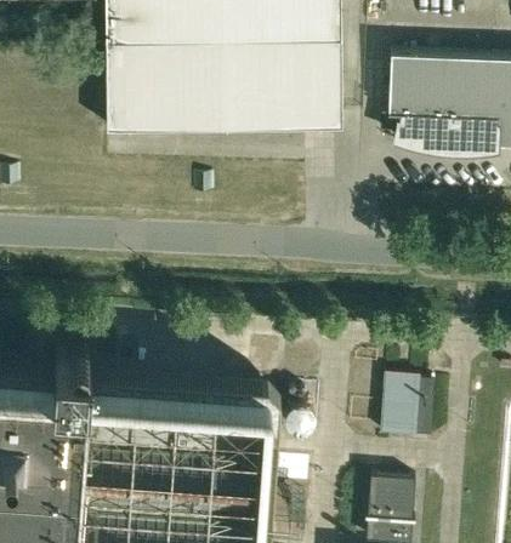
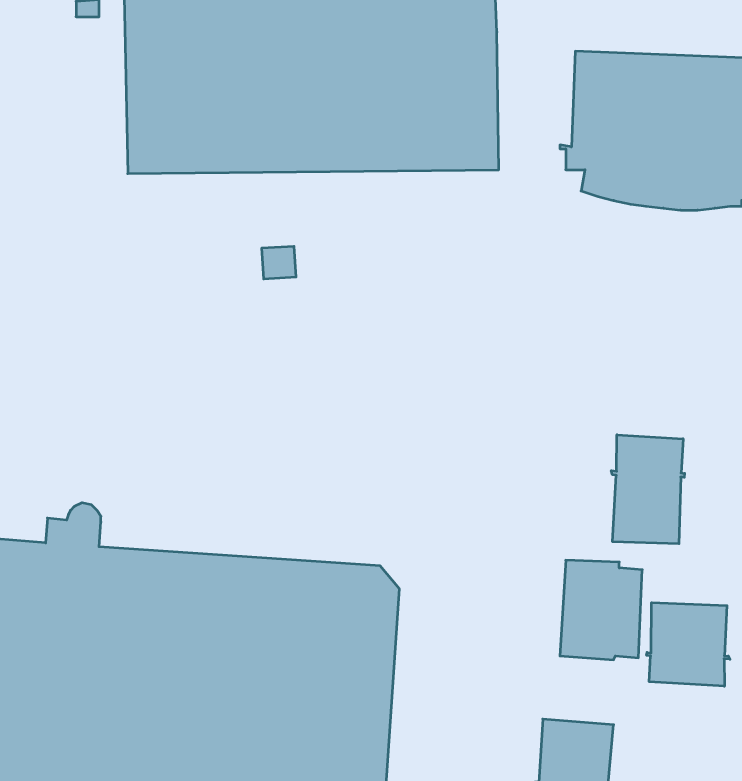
building: none -> [611,435,685,544]
building: none -> [647,603,730,686]

